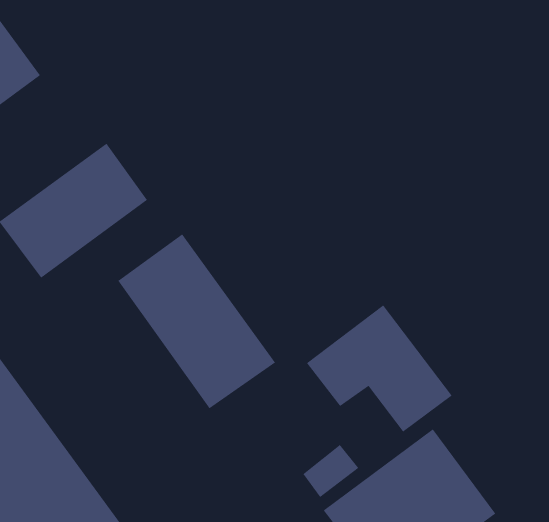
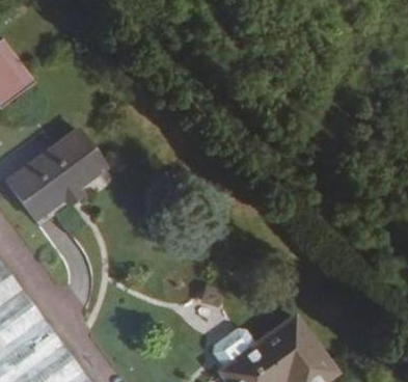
building: [118,233,276,409] -> none
building: [306,304,453,432] -> none

